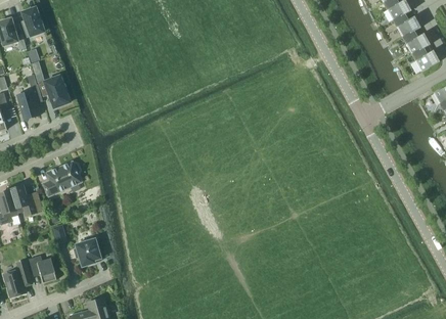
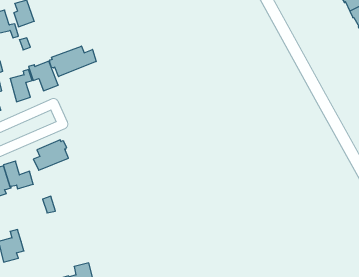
building: none -> [50,46,96,77]
building: [75,237,101,265] -> none
building: [29,255,57,282] -> none

